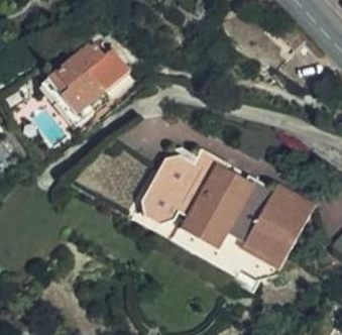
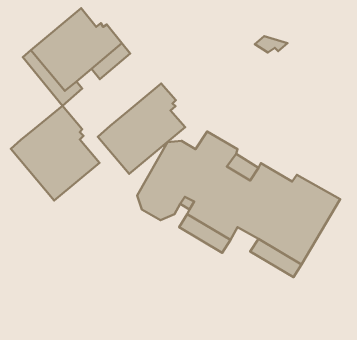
building: none -> [98,83,185,174]
building: none -> [11,106,100,201]

